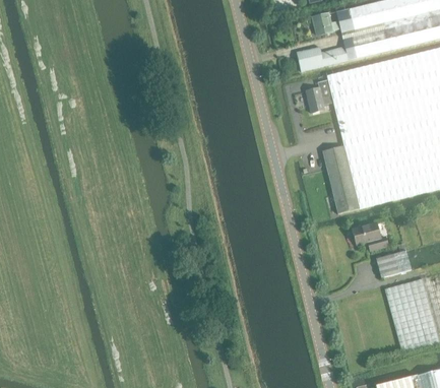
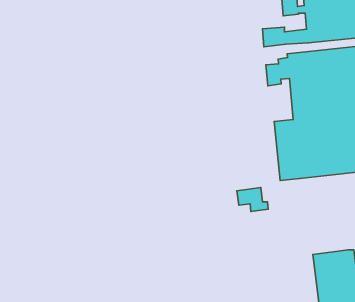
building: [352,222,388,250] -> [237,188,268,212]
building: [376,250,411,277] -> none

